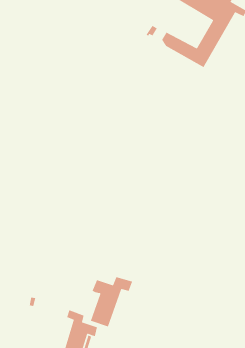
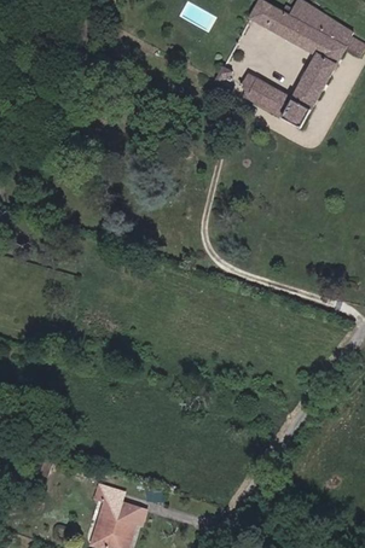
building: [90,276,133,328] -> none

